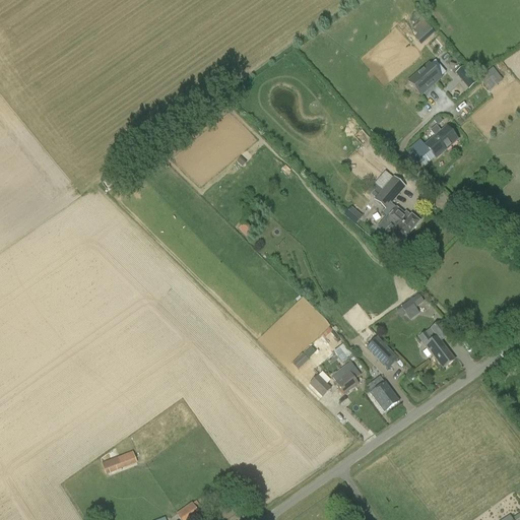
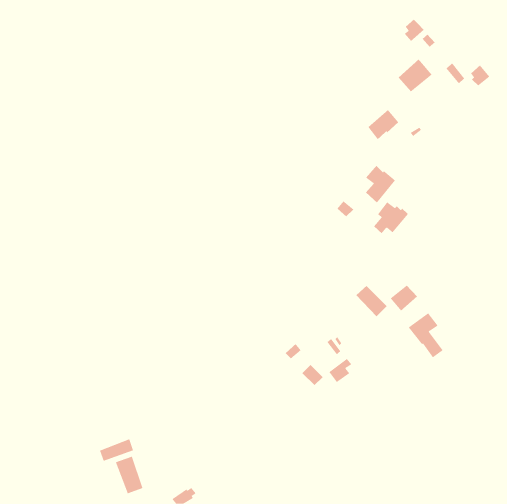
building: [426,124,458,155] -> [367,109,399,140]
building: [366,335,398,368] -> [356,285,387,317]
building: [366,374,398,410] -> none
building: none -> [115,456,143,494]

